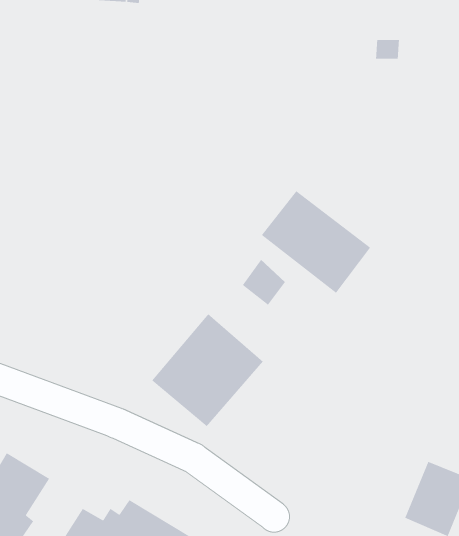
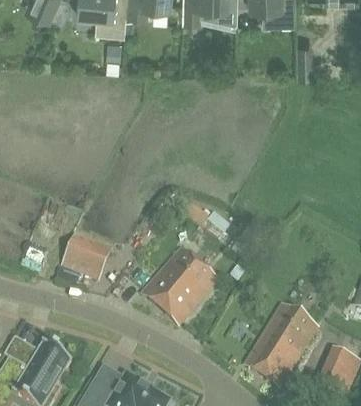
building: [261,190,371,294] -> none
building: none -> [62,235,110,279]
building: none -> [244,306,316,387]

